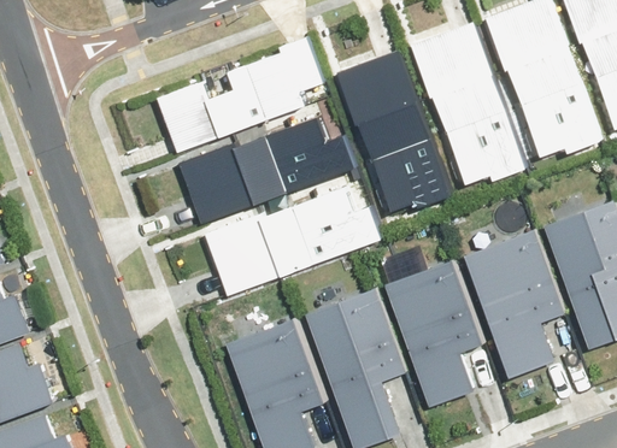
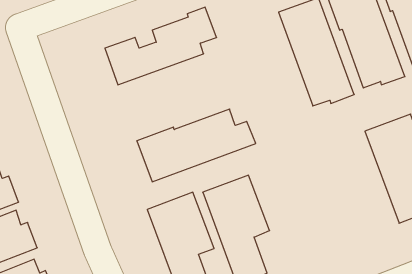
building: [337,52,452,212] -> none
building: [181,119,353,224] -> none
building: [462,231,560,394] -> none
building: [382,260,482,422] -> none

